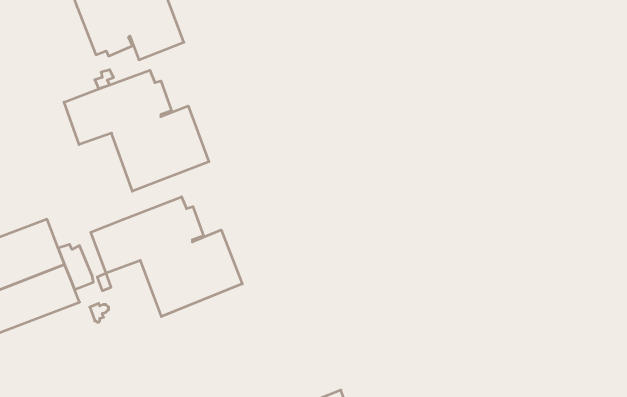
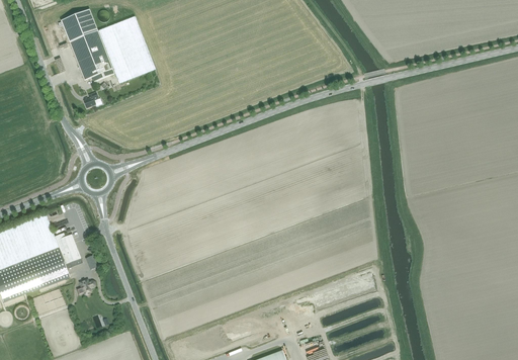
building: [64,70,209,191] -> none
building: [91,197,242,317] -> none

